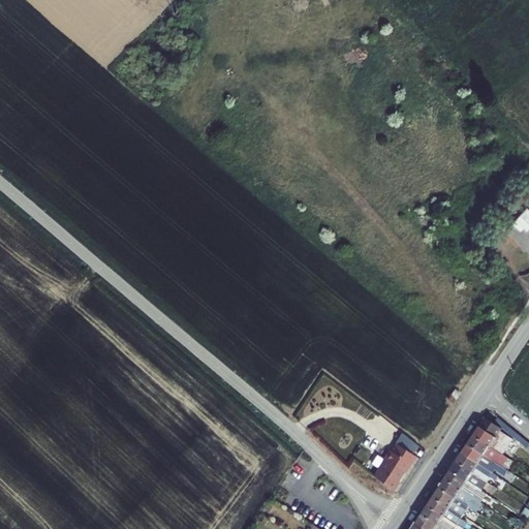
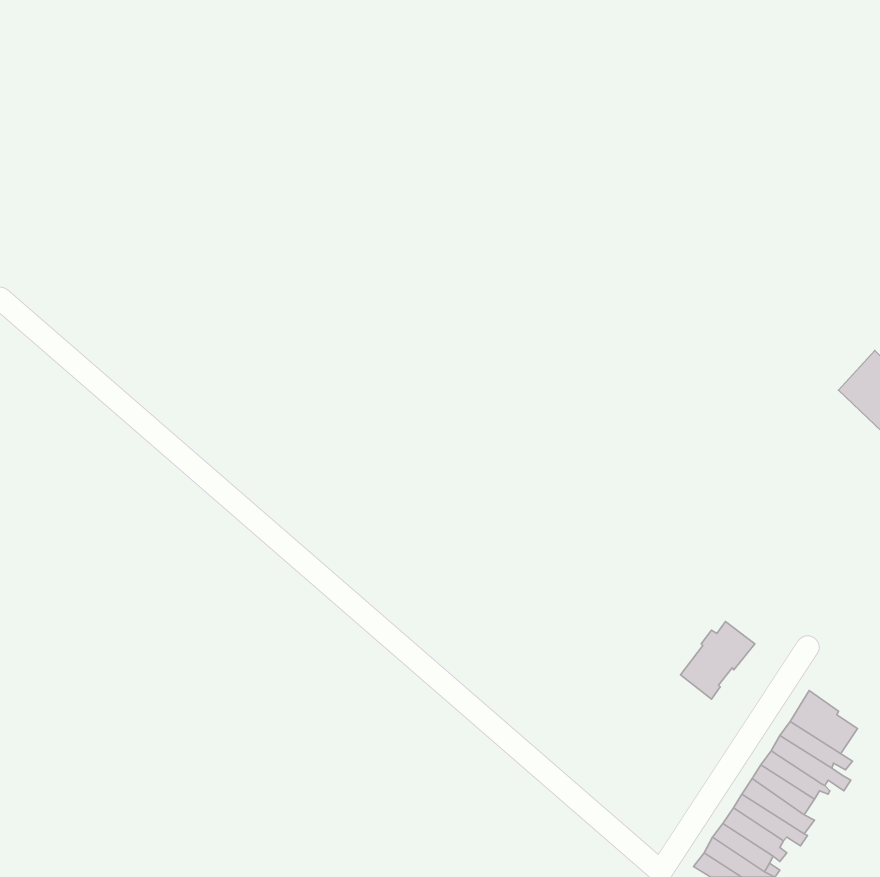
building: [372,445,416,492] -> [680,621,755,699]

